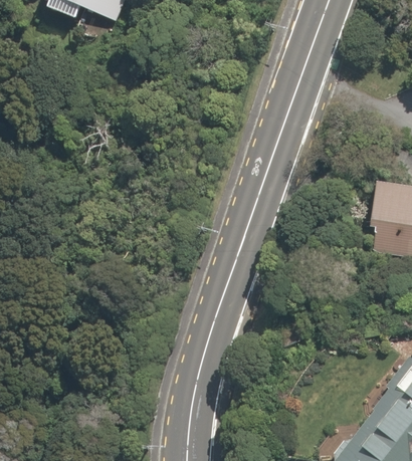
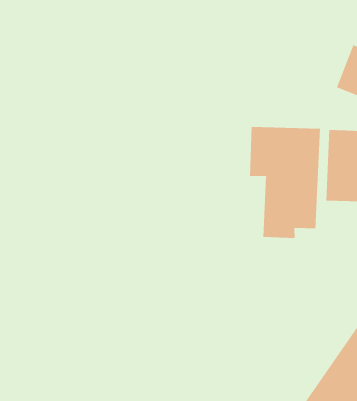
building: none -> [249,126,320,239]

